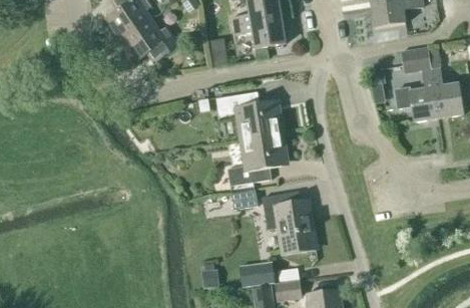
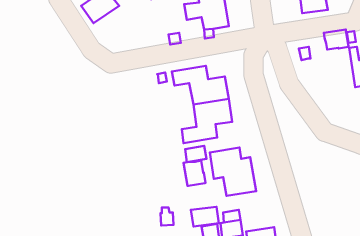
building: [120,18,179,61] -> none
building: [395,69,438,121] -> none
building: none -> [183,161,206,186]

